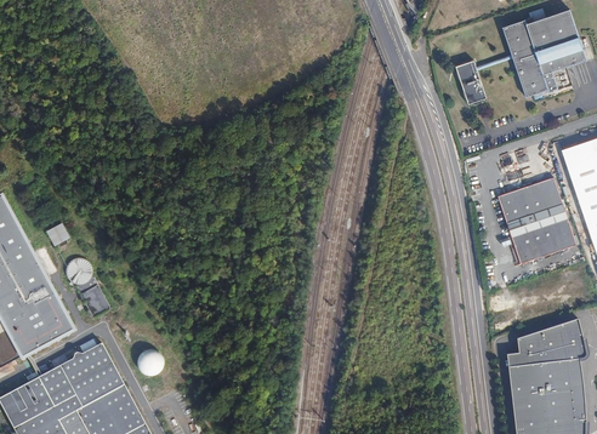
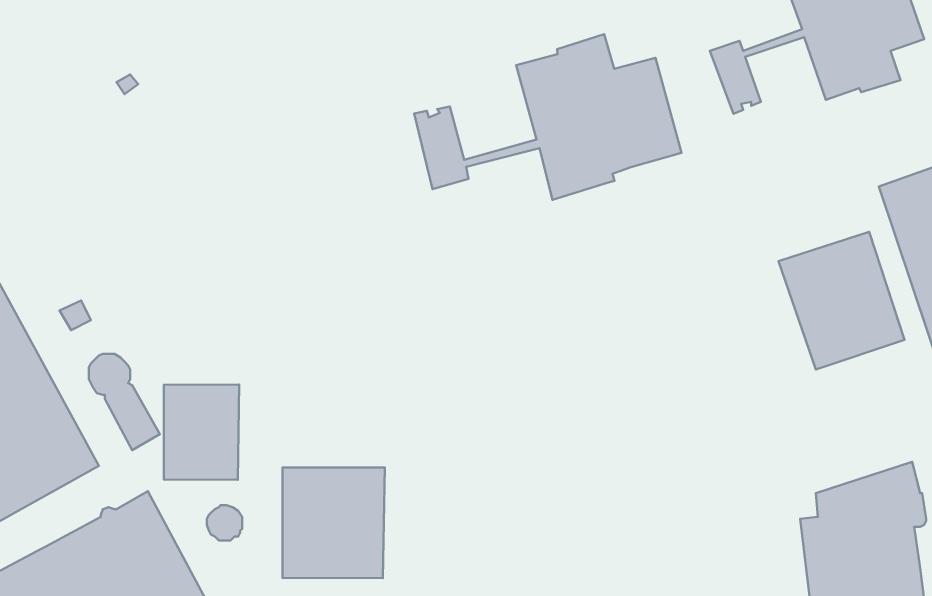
building: none -> [414,34,681,200]
building: none -> [164,385,239,480]
building: none -> [283,467,385,578]

